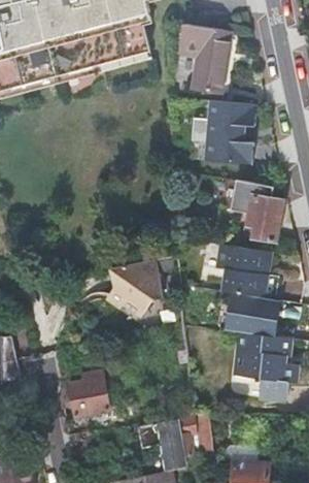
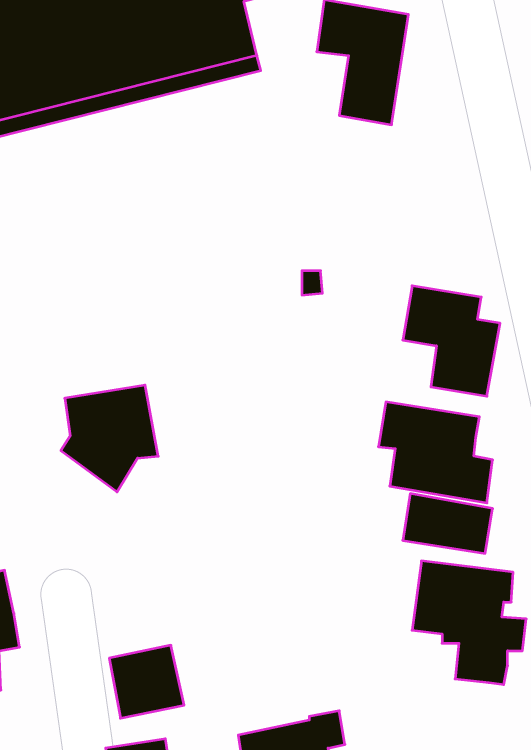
building: [205,99,254,162] -> none
building: [110,258,164,317] -> [61,385,158,492]

